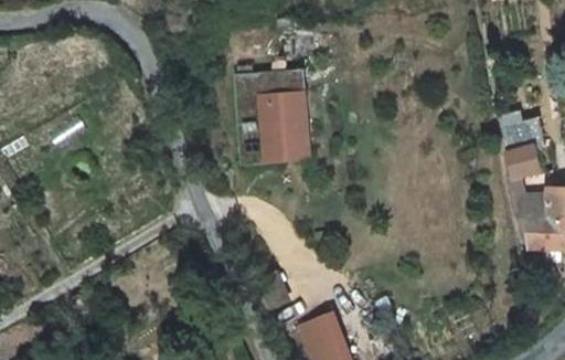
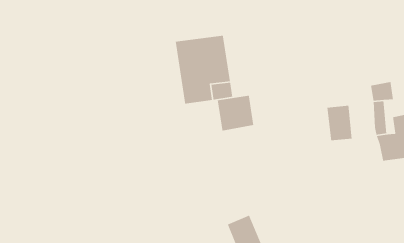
building: none -> [217,95,254,131]
building: none -> [327,105,352,141]

